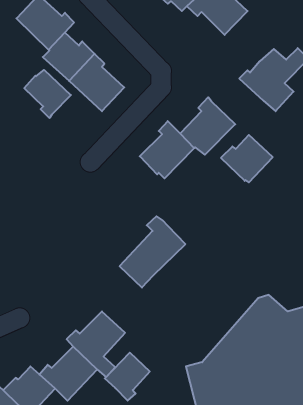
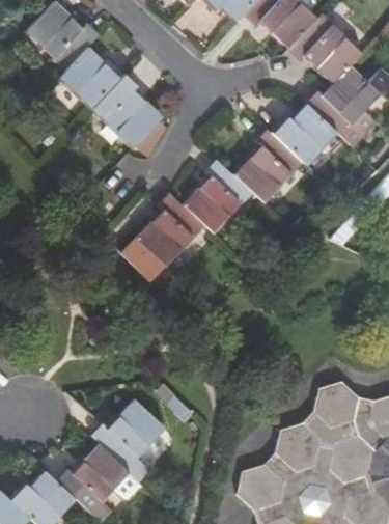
building: none -> [289,17,363,84]
building: [24,70,71,118] -> none
building: [221,135,273,182] -> [273,106,338,166]
building: [120,216,185,288] -> [121,192,204,282]
building: [105,353,150,401] -> none

